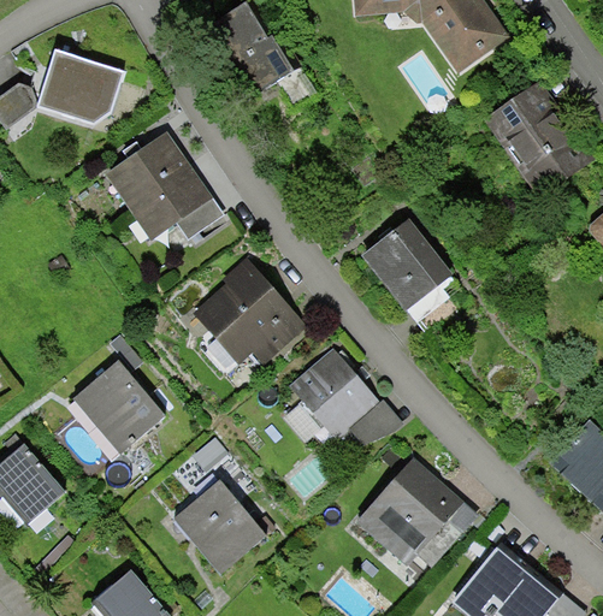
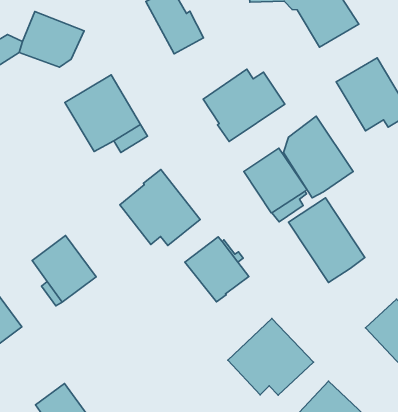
building: none -> [203,69,285,142]
building: none -> [283,116,353,198]
building: none -> [288,198,365,282]
building: [348,399,403,446] -> none
building: [177,480,261,565] -> none

